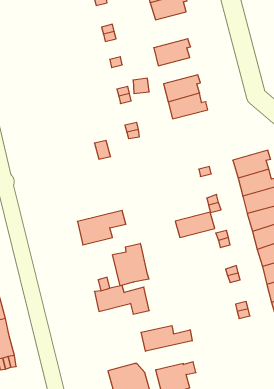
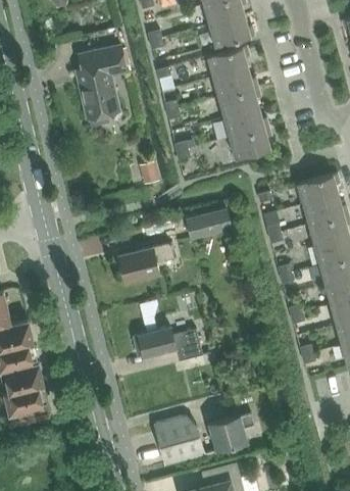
building: none -> [208,16,253,47]
building: none -> [76,46,126,118]
building: none -> [211,68,256,98]
building: none -> [228,128,270,159]
building: [175,212,215,237] -> [187,209,232,238]
building: [113,243,149,286] -> none
building: [141,326,192,351] -> none

